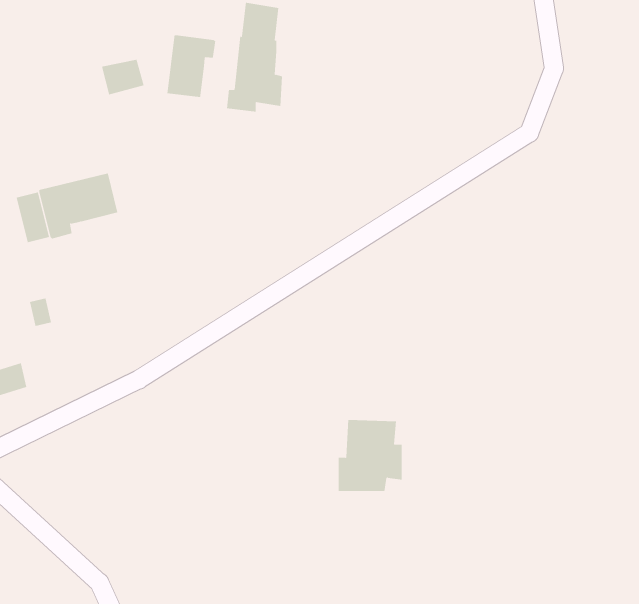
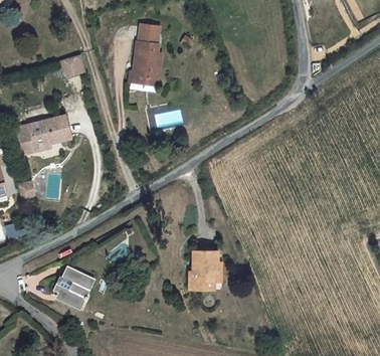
building: [167,34,216,98] -> none
building: none -> [51,266,89,304]

